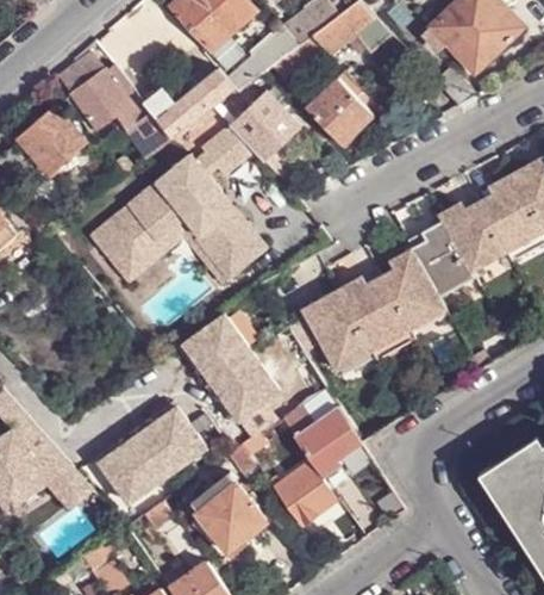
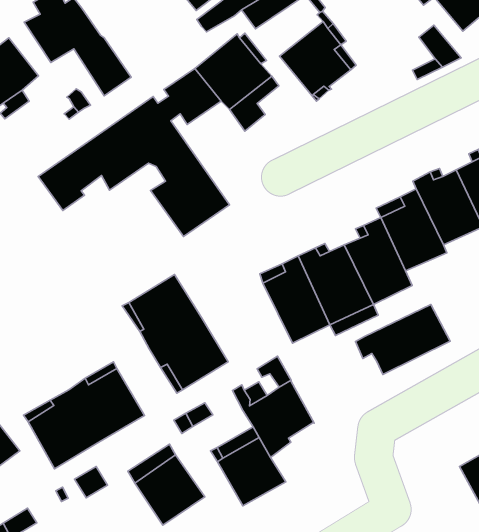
building: [143,68,232,136] -> none
building: [115,215,229,286] -> none
building: none -> [355,305,450,374]

